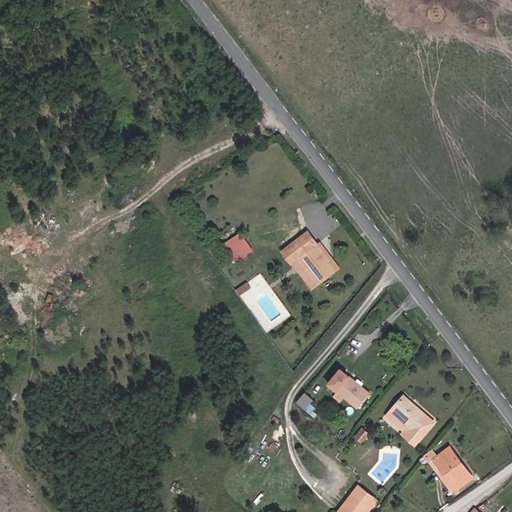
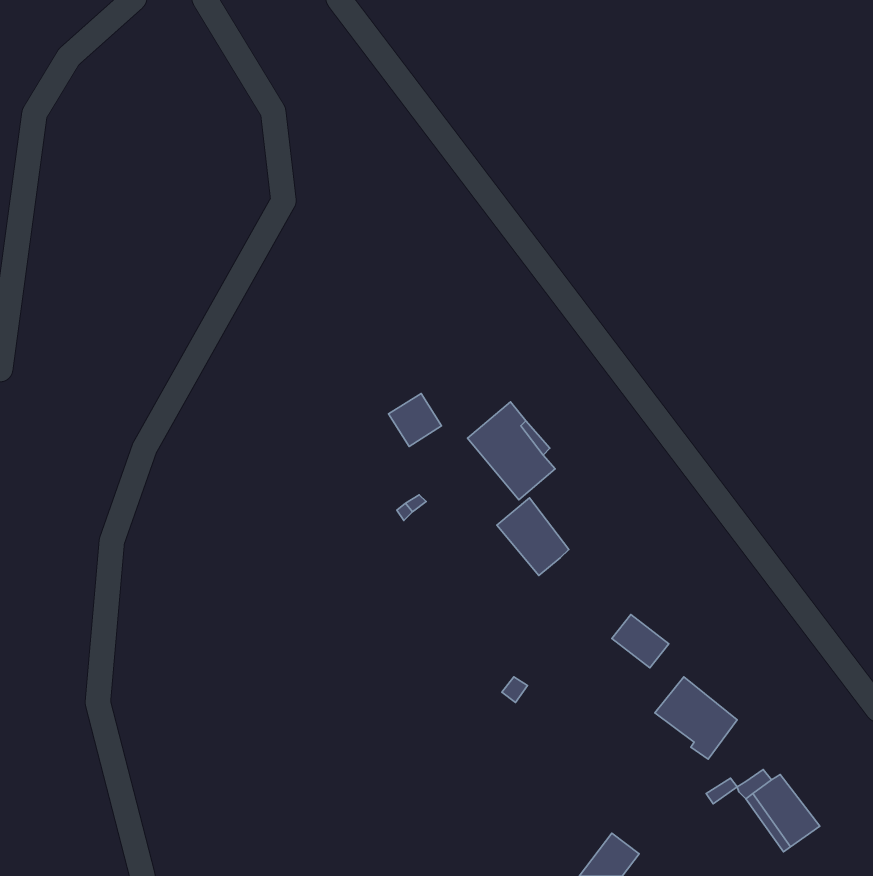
building: none -> [497,498,569,575]
building: [333,376,366,407] -> [612,614,669,668]

